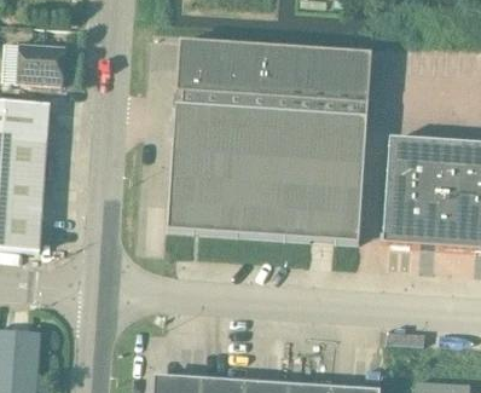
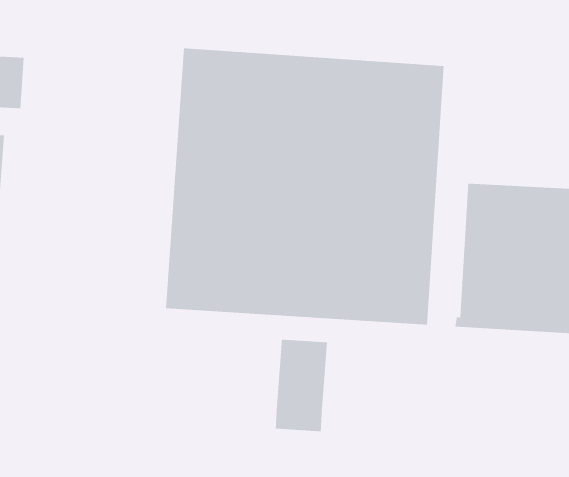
building: none -> [275,339,327,432]

